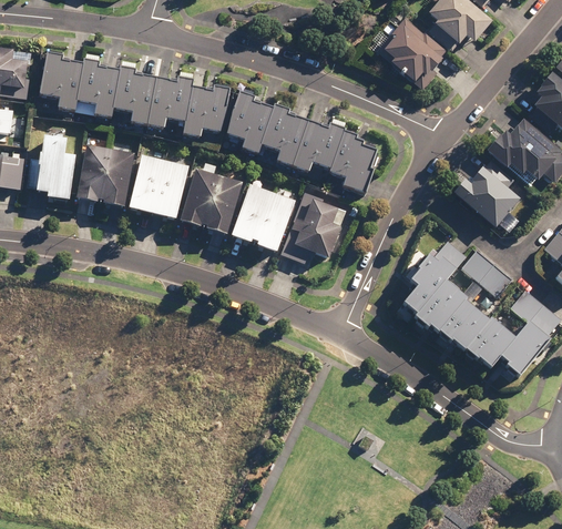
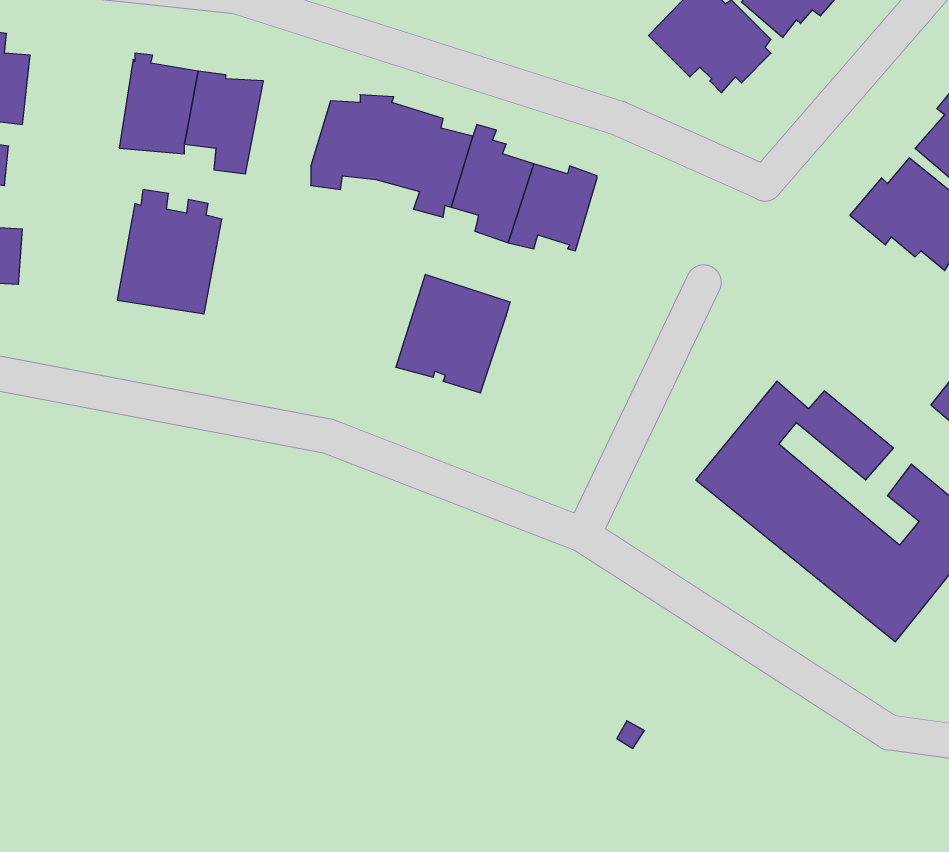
building: [44,53,85,113] -> none
building: [149,72,197,129] -> none
building: [334,130,384,192] -> none
building: [25,136,76,200] -> none
building: [131,155,190,218] -> none
building: [453,159,521,228] -> none
building: [183,171,243,235] -> none
building: [288,192,340,266] -> none

